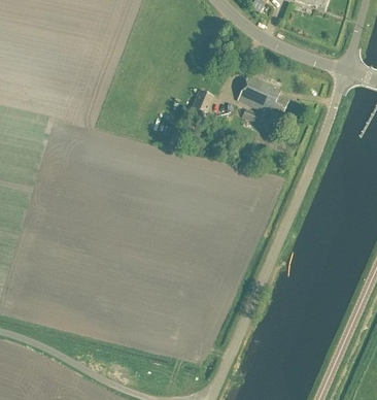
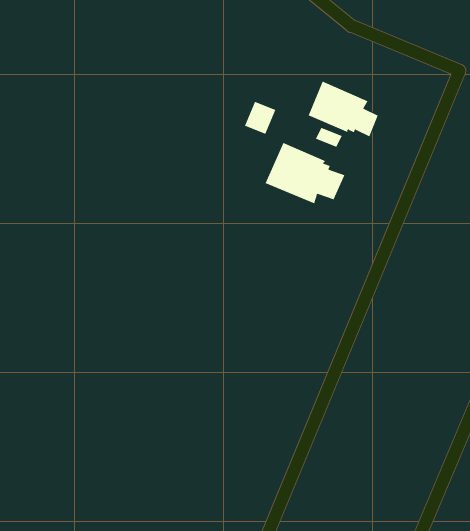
building: none -> [265,142,345,204]

